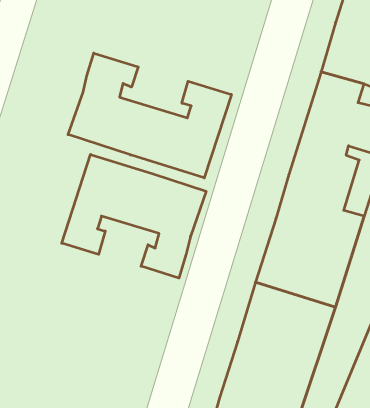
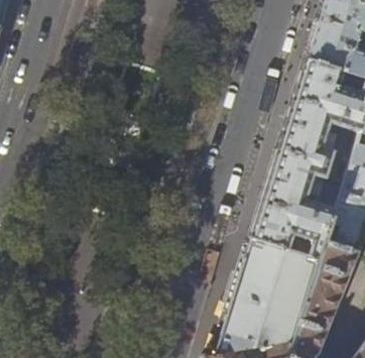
building: [68,53,231,178] -> none
building: [62,154,206,278] -> none

